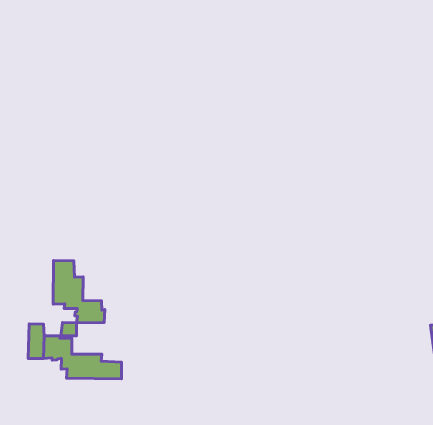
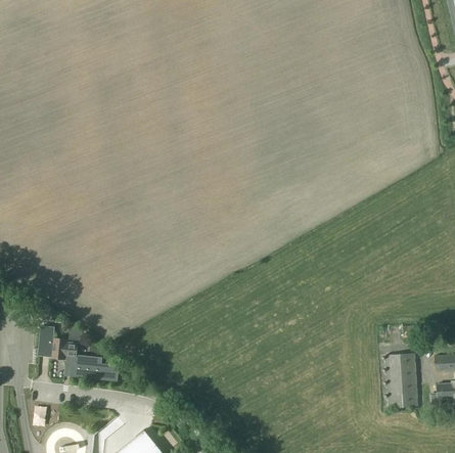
building: [53,261,105,323] -> none

